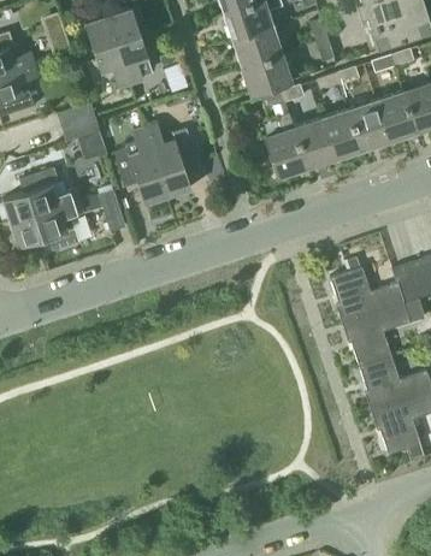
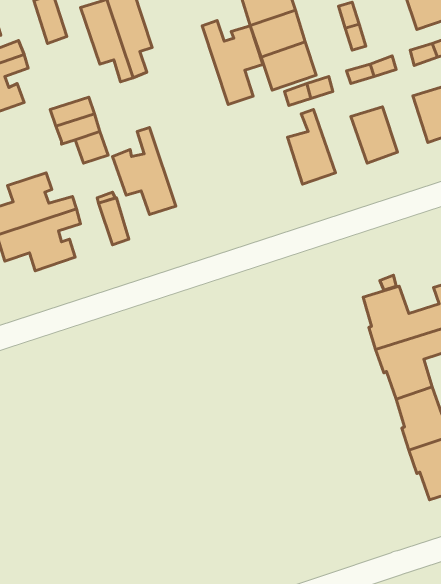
building: [348,101,388,150] -> none
building: [288,112,335,168] -> none
building: [144,124,197,197] -> [202,20,263,104]

